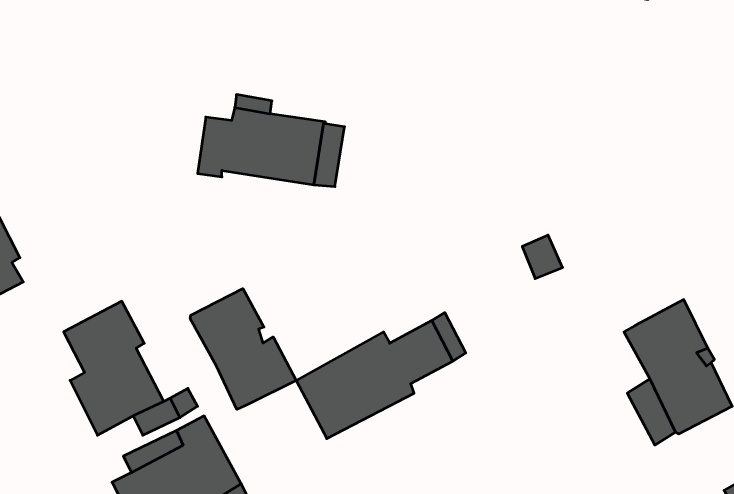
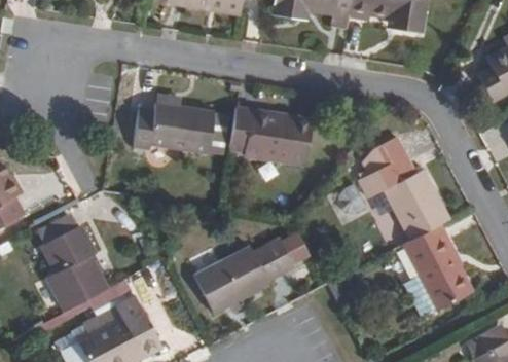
building: none -> [230,108,311,164]
building: none -> [359,137,449,241]
building: [190,289,296,409] -> none

